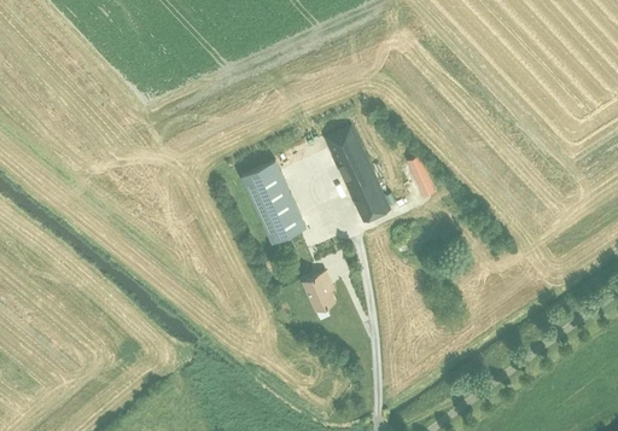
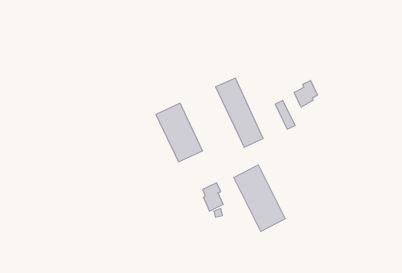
building: none -> [294,80,318,107]
building: none -> [234,165,285,231]

